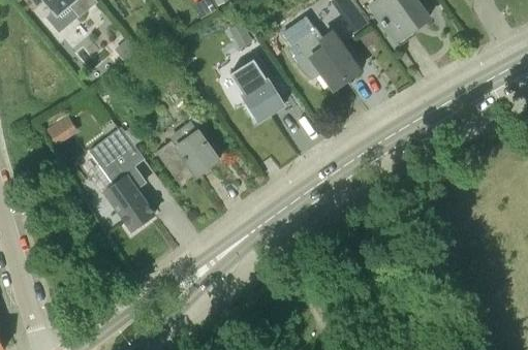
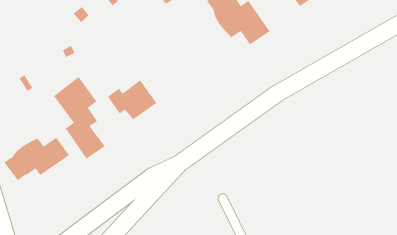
building: [224,40,285,122] -> none
building: none -> [4,137,70,181]

